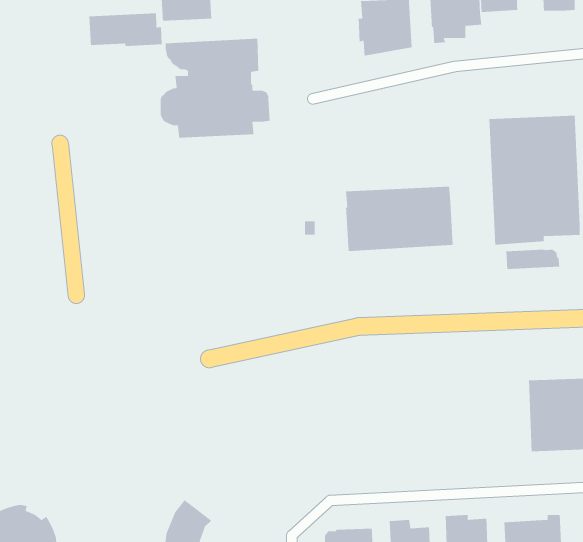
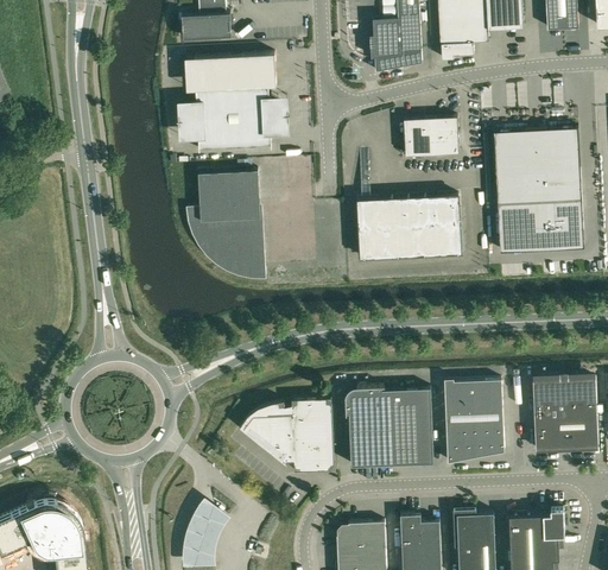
building: [89,12,163,47] -> none
building: none -> [403,118,458,157]
building: none -> [188,171,262,278]
building: [506,249,560,270] -> none
building: none -> [444,380,504,463]
building: none -> [344,387,432,467]
building: none -> [239,398,332,471]

